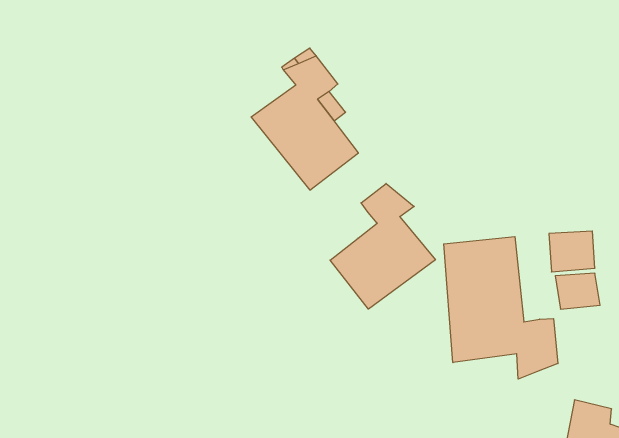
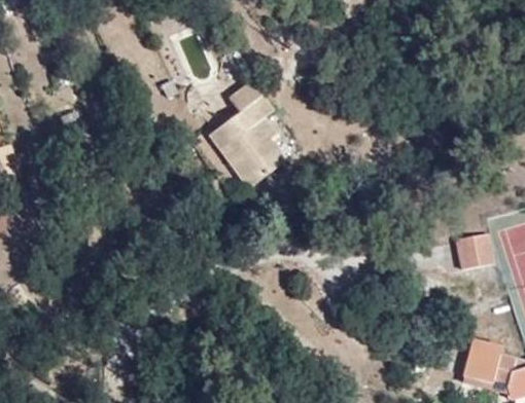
building: [330,183,435,309] -> none
building: [444,237,558,379] -> none

